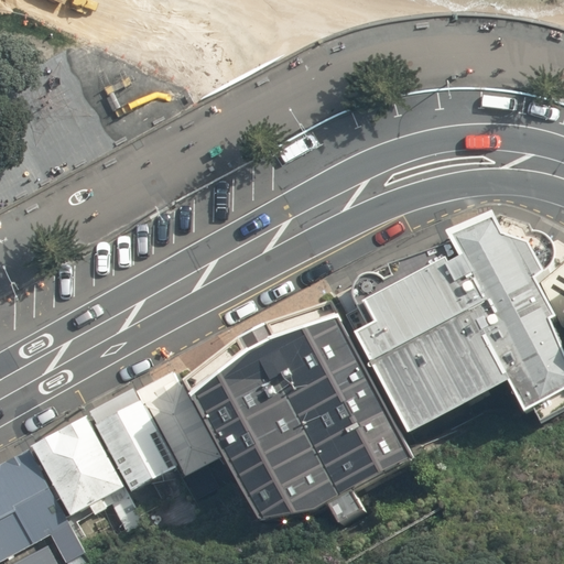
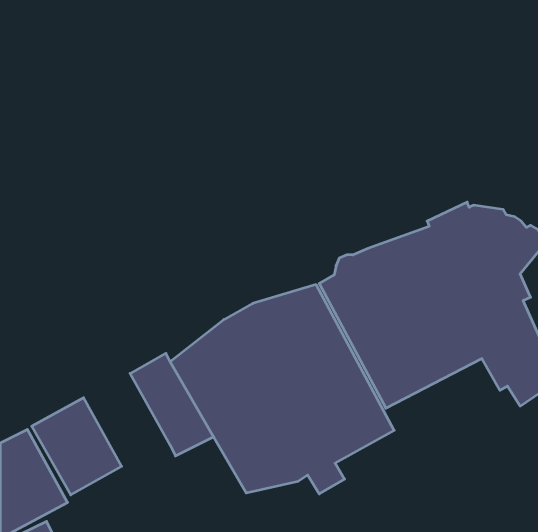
building: [90,394,180,498] -> none

